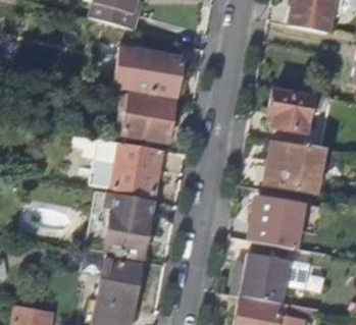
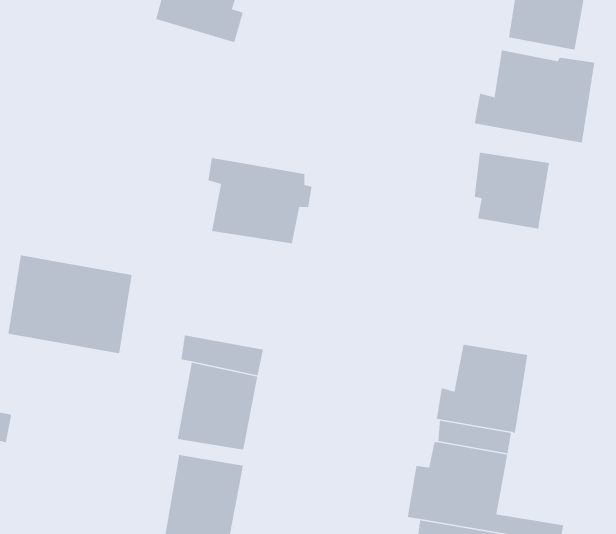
building: [131,50,183,99] -> none
building: [91,140,161,196] -> [7,254,132,354]
building: [257,141,325,194] -> [474,49,595,144]

